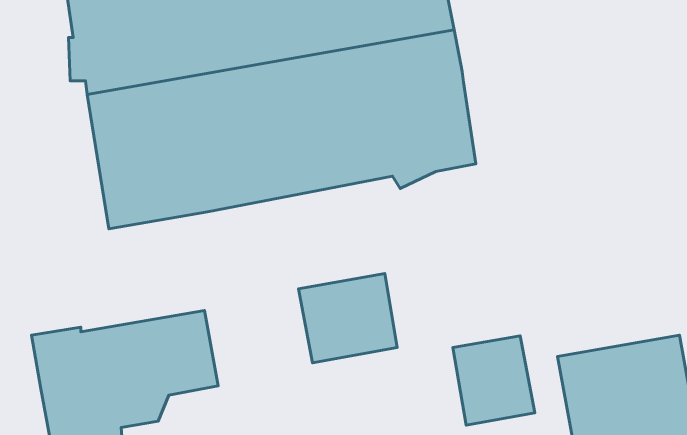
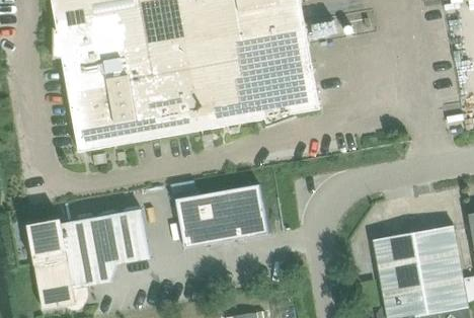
building: none -> [176,194,213,248]
building: [453,336,535,425] -> none

